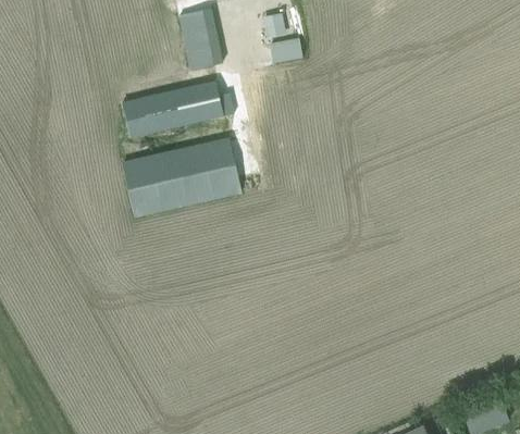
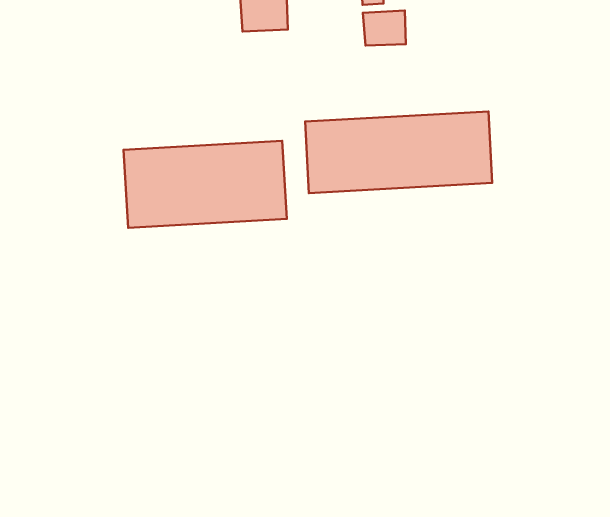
building: [122,80,234,138] -> none
building: none -> [305,111,492,193]

